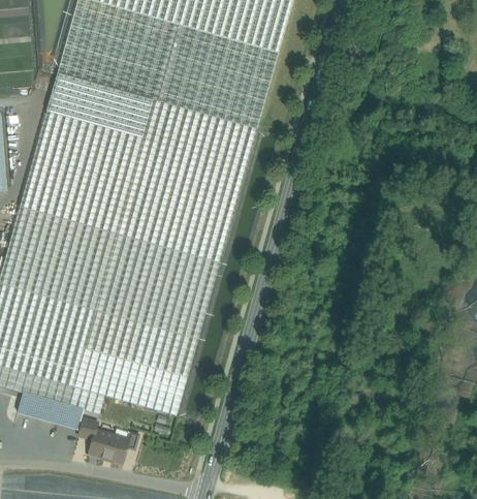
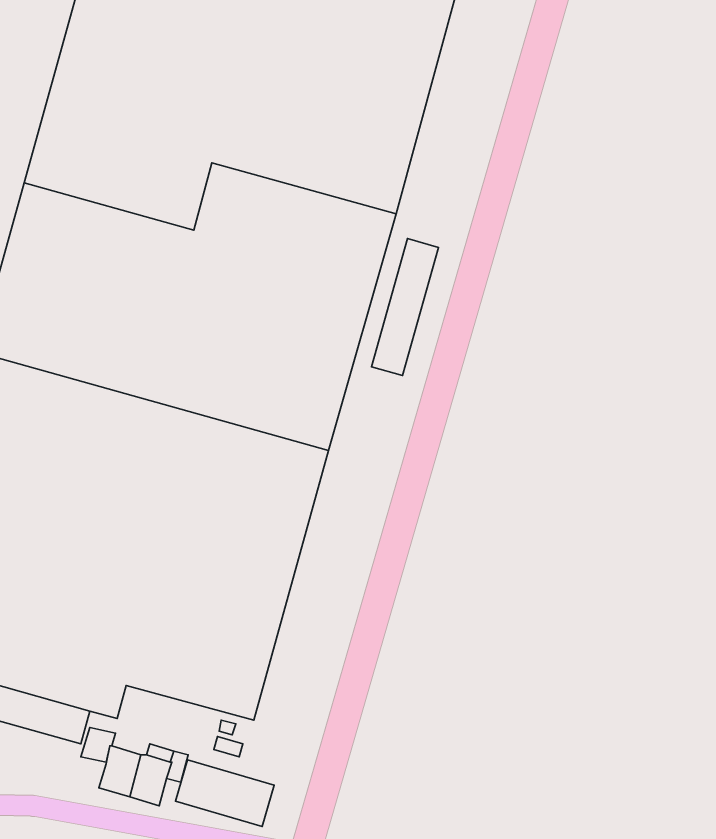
building: none -> [372,239,438,376]
building: none -> [175,760,274,827]

